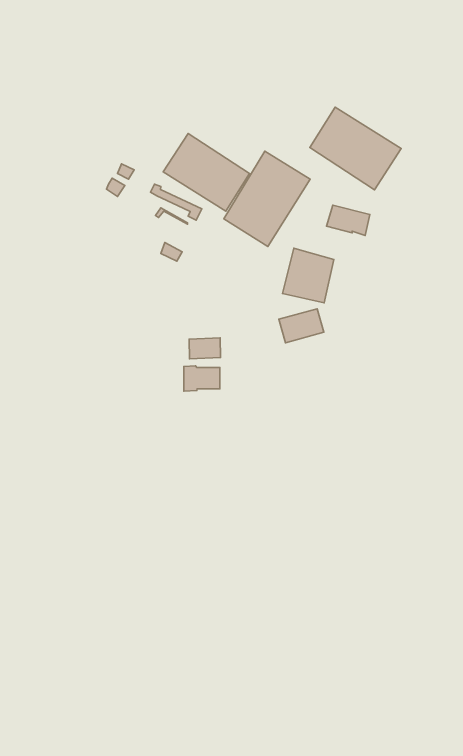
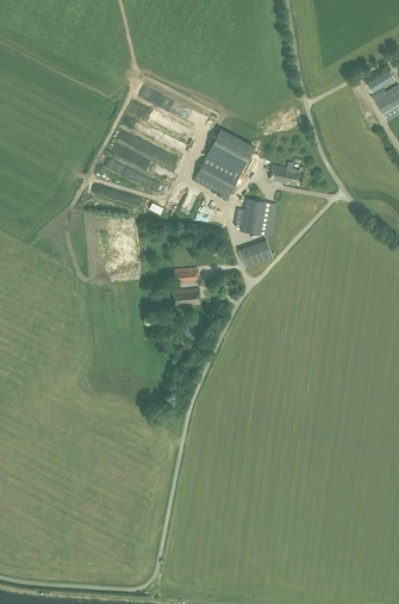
building: [310,107,401,190] -> none
building: [163,134,249,211] -> none

